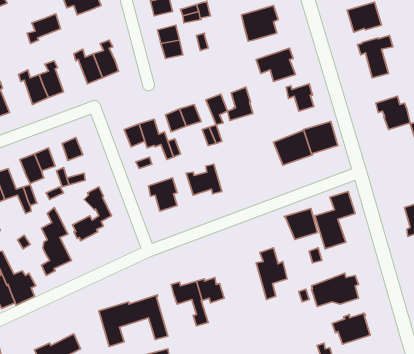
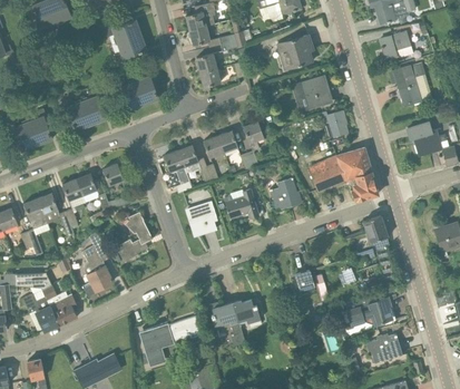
building: [27,14,60,44] -> [114,35,146,64]
building: [228,87,253,120] -> [274,177,298,210]
building: [284,208,318,239] -> [345,171,378,201]

